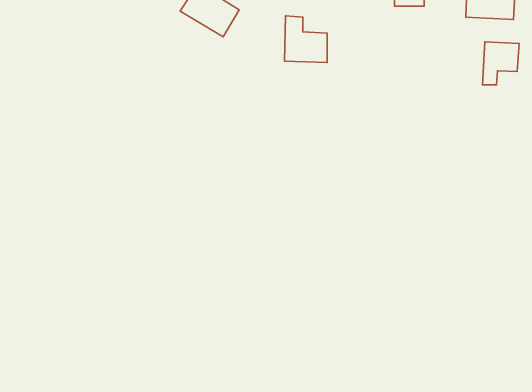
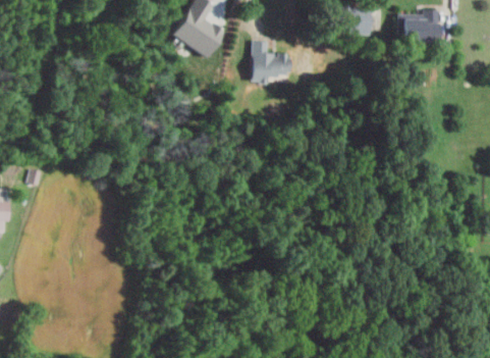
building: [483,42,519,85] -> none

